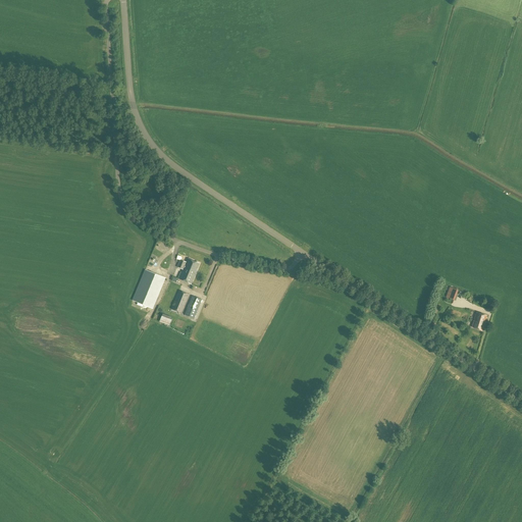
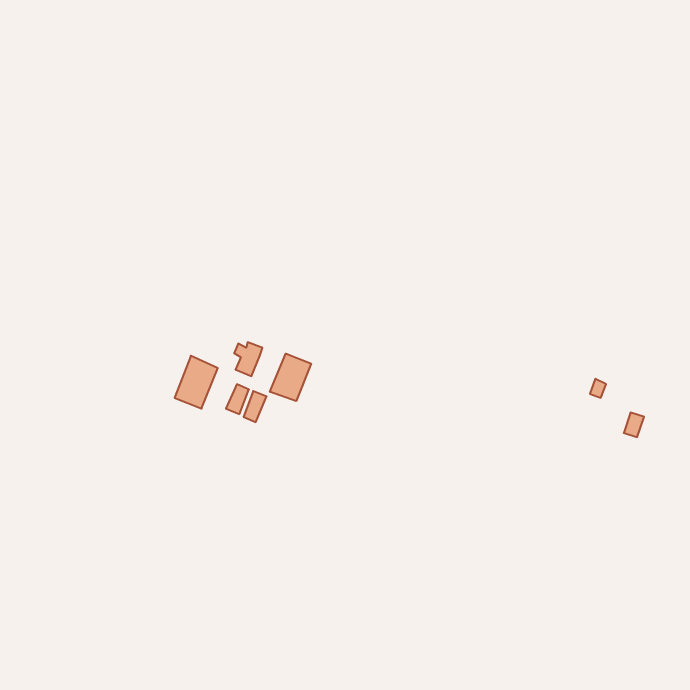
building: none -> [270,354,311,401]

